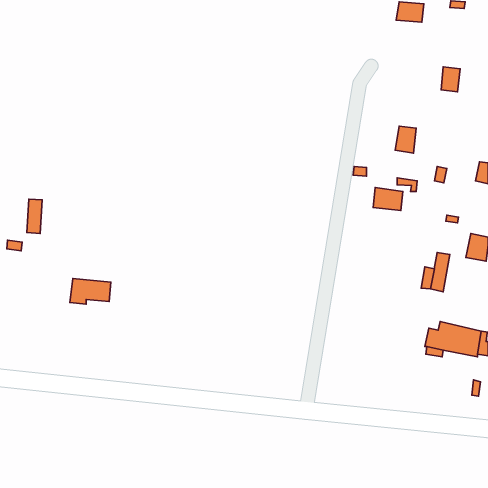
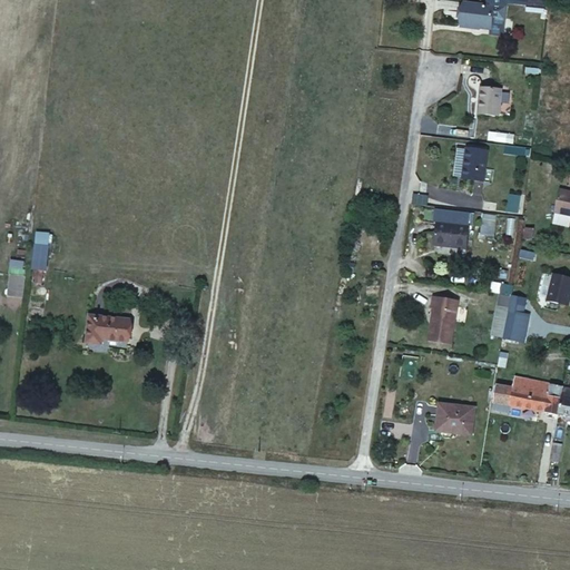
building: [441,67,460,92] -> [480,82,502,111]
building: none -> [433,296,462,343]
building: none -> [439,405,473,431]

